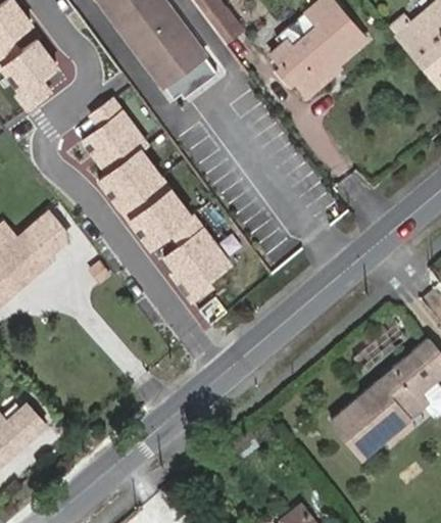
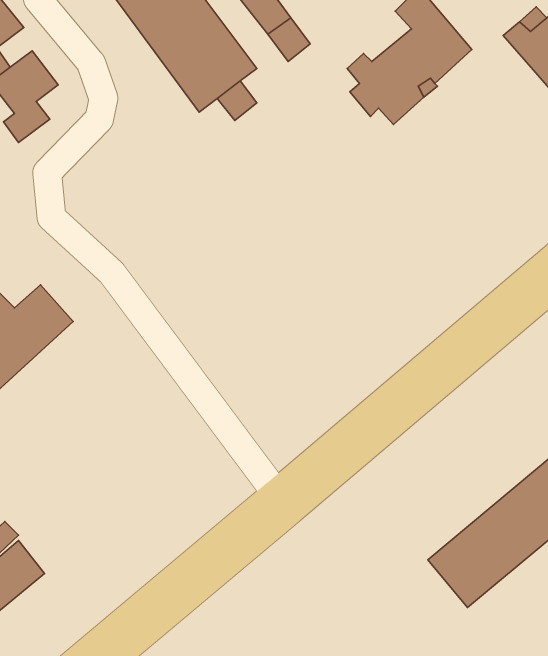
building: [83,97,230,300] -> none

